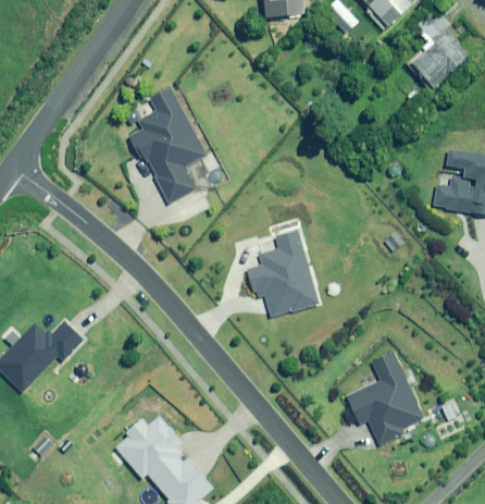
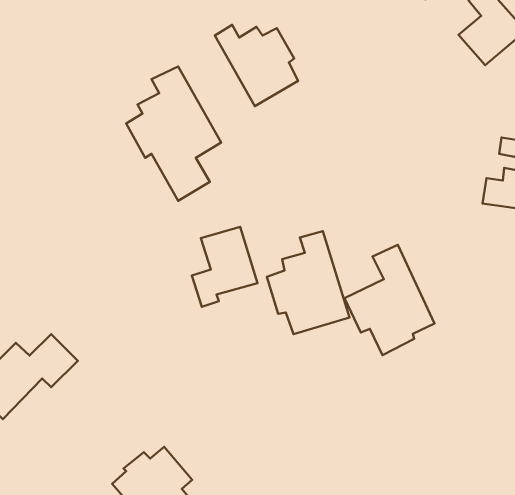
building: none -> [215,25,298,106]
building: none -> [192,227,257,307]
building: [346,352,423,446] -> [344,245,435,355]

